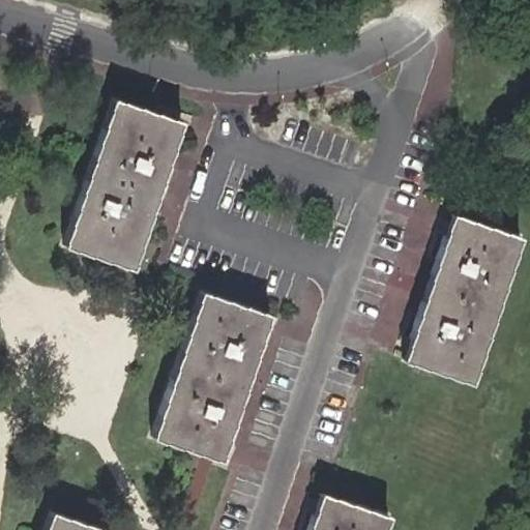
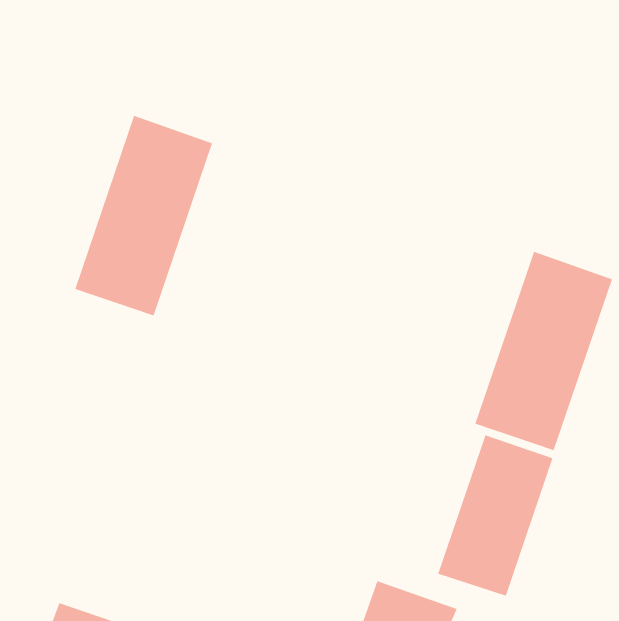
building: [156,294,273,463] -> none
building: none -> [438,435,553,597]

